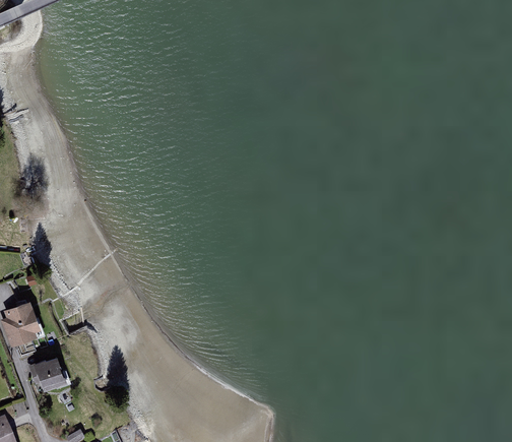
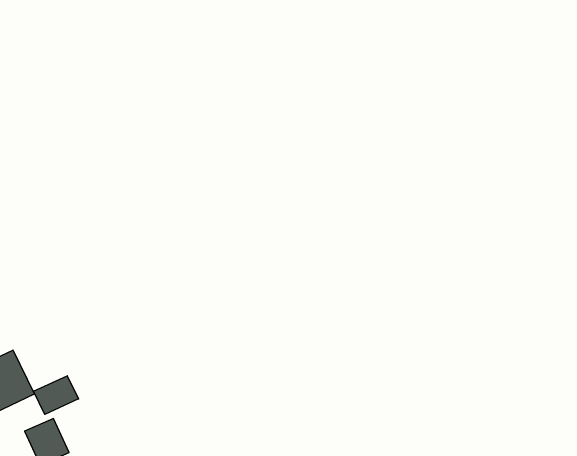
building: none -> [33,376,79,414]

